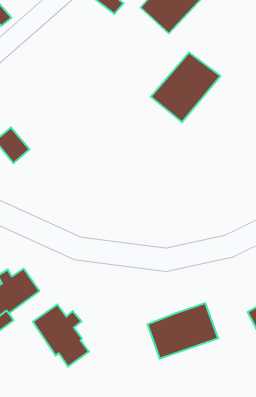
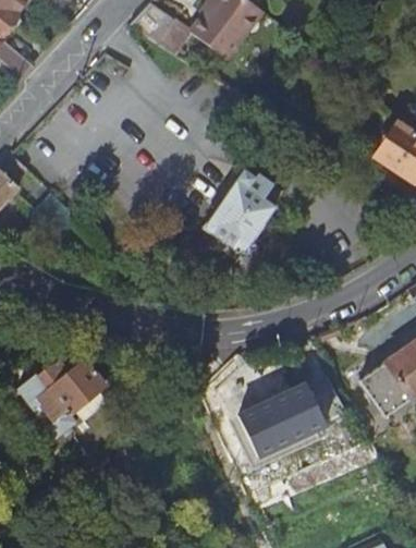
building: [151,53,221,122] -> [204,169,284,253]
building: [33,304,89,367] -> none

